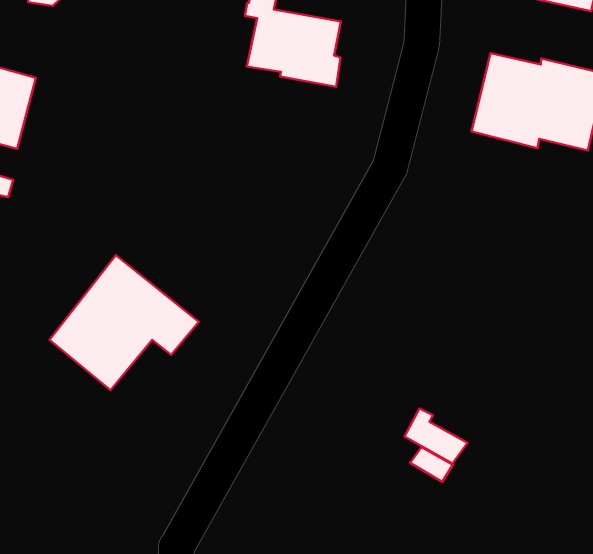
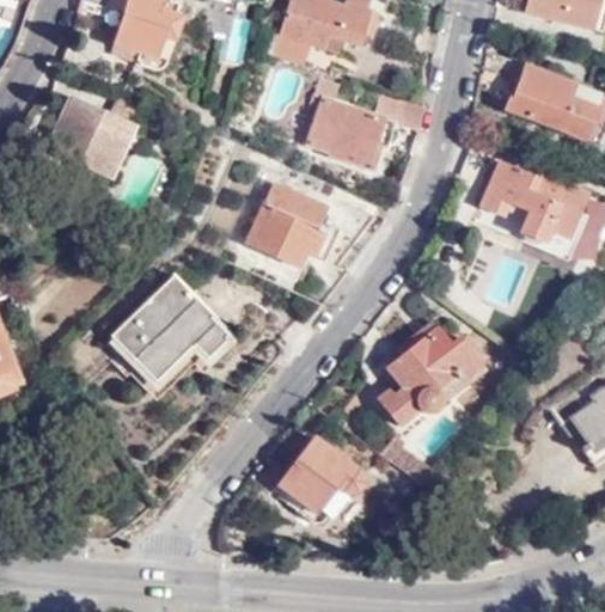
building: none -> [248,182,329,263]
building: none -> [378,331,482,426]
building: none -> [282,436,366,512]

